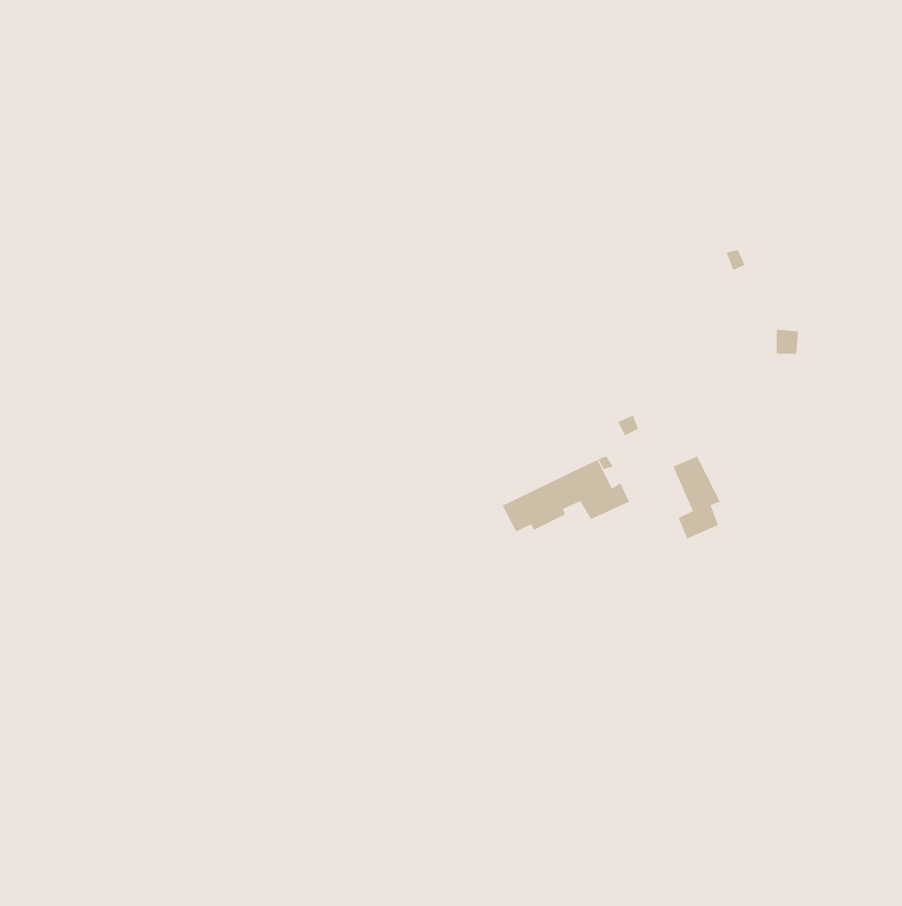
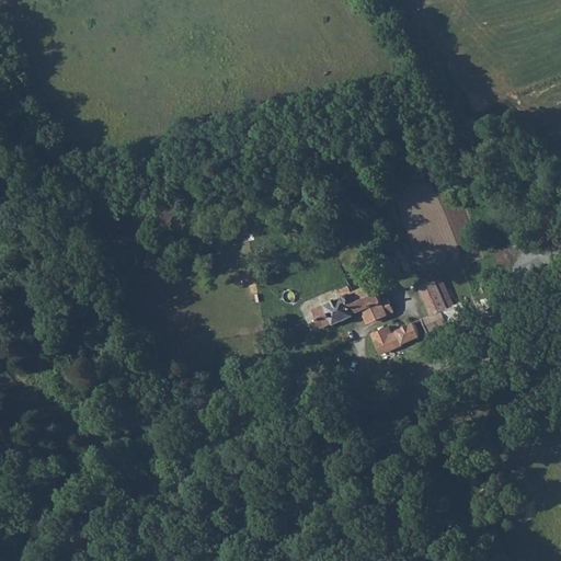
building: none -> [370,323,417,352]

